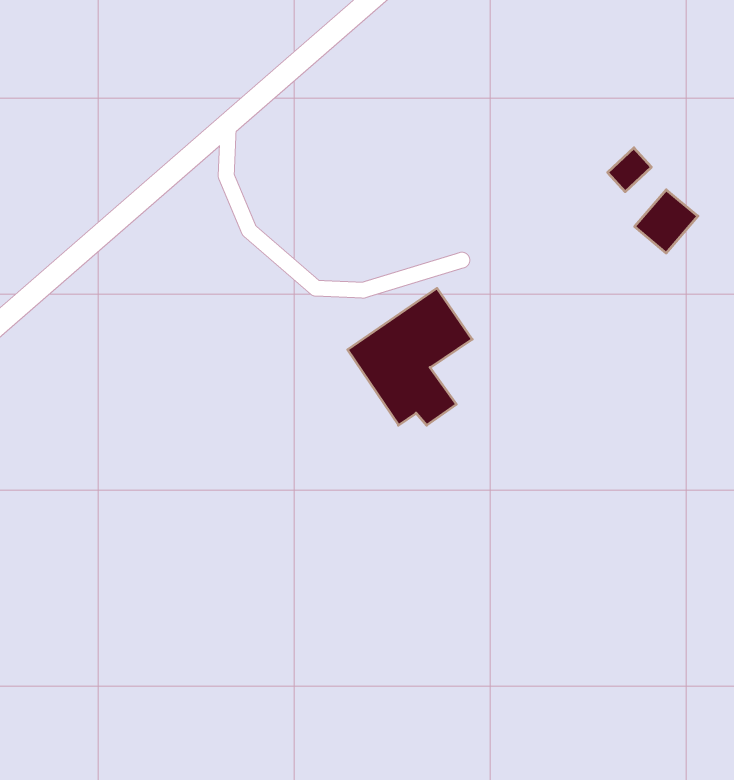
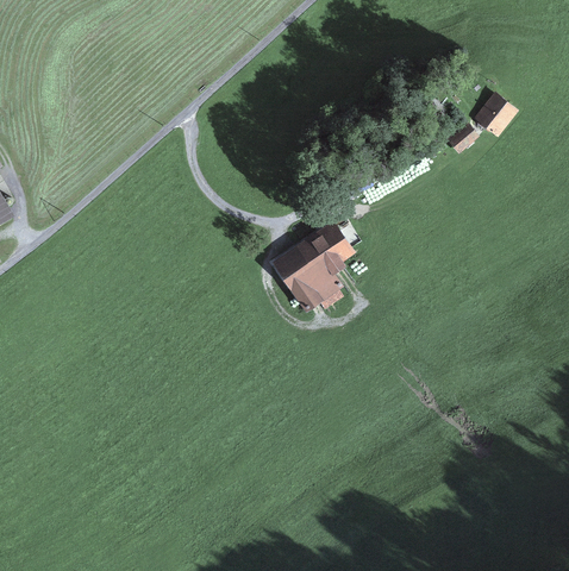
building: [635,190,698,253] -> [473,94,515,137]

